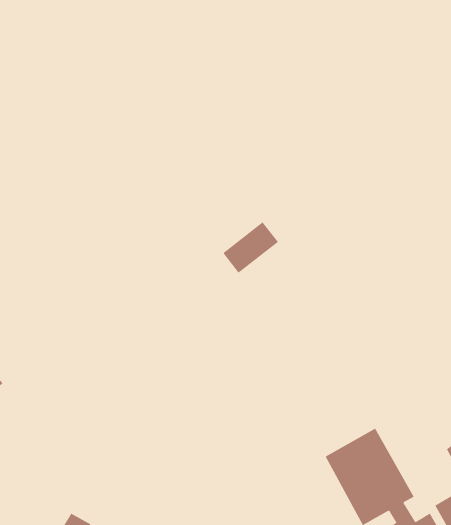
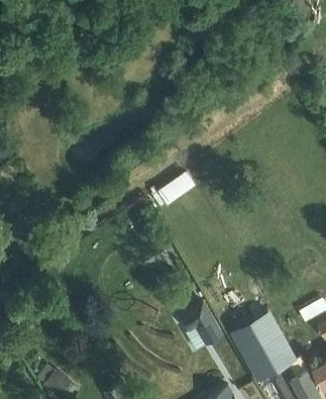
building: none -> [181,302,224,345]

